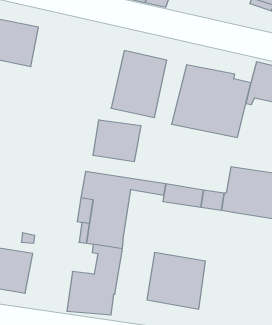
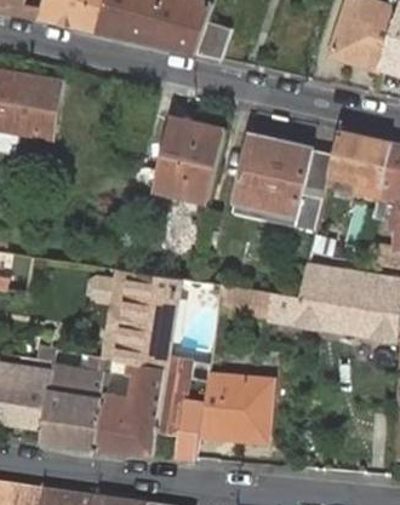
building: [93,120,141,162] -> none
building: none -> [156,354,207,459]
building: none -> [40,357,107,449]

